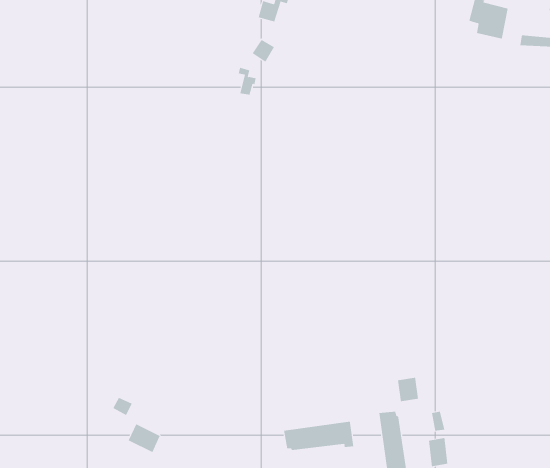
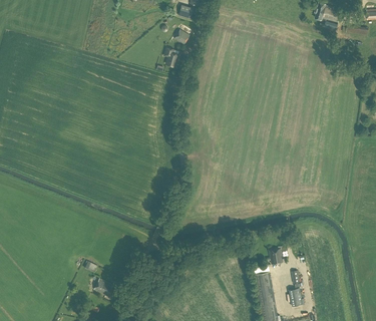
building: [284,421,354,451] -> none

